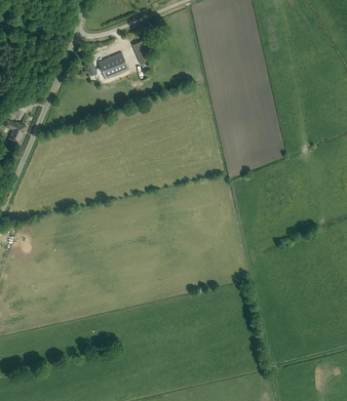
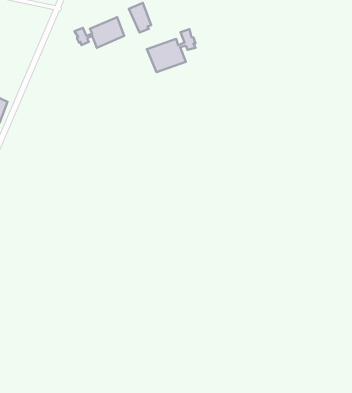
building: none -> [147,29,195,72]

